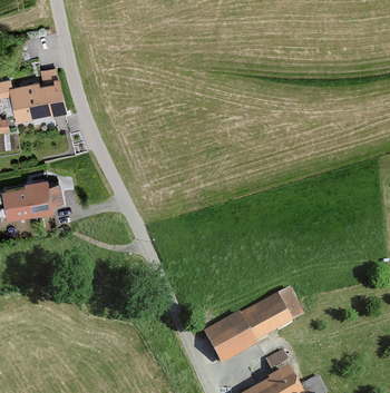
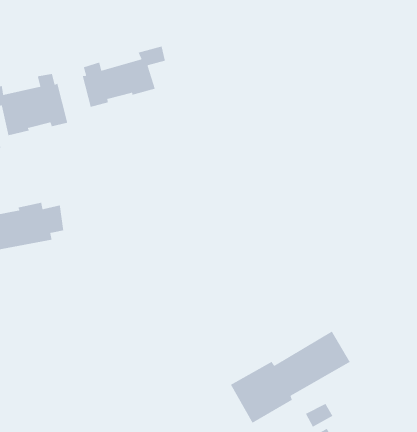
building: none -> [82,46,166,108]

